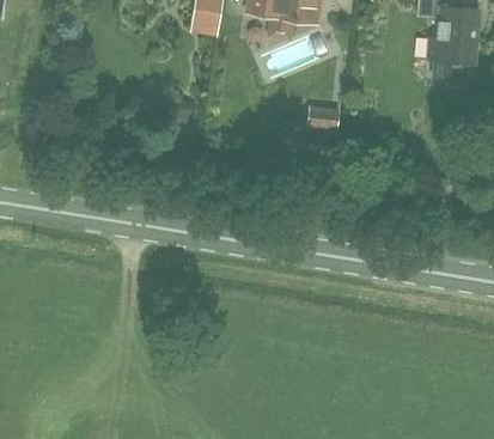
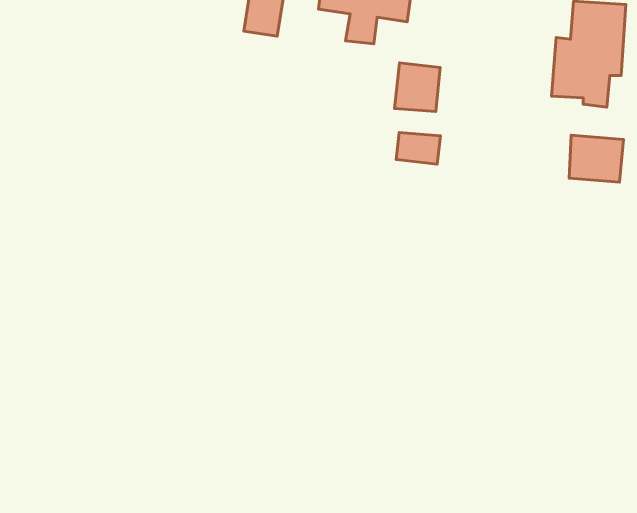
building: none -> [394,63,440,112]
building: none -> [569,135,623,182]

